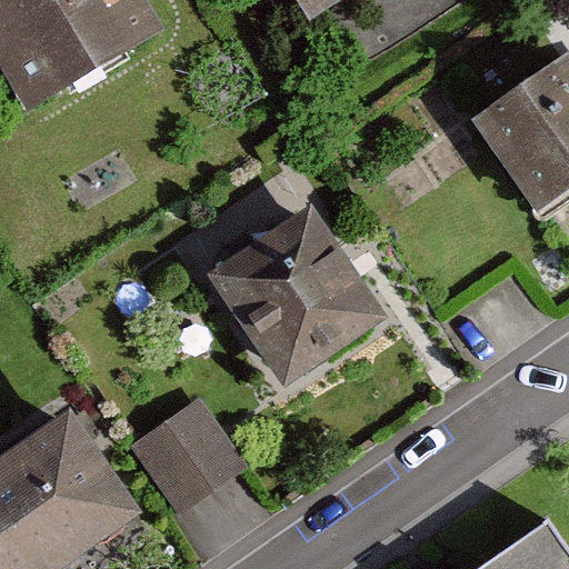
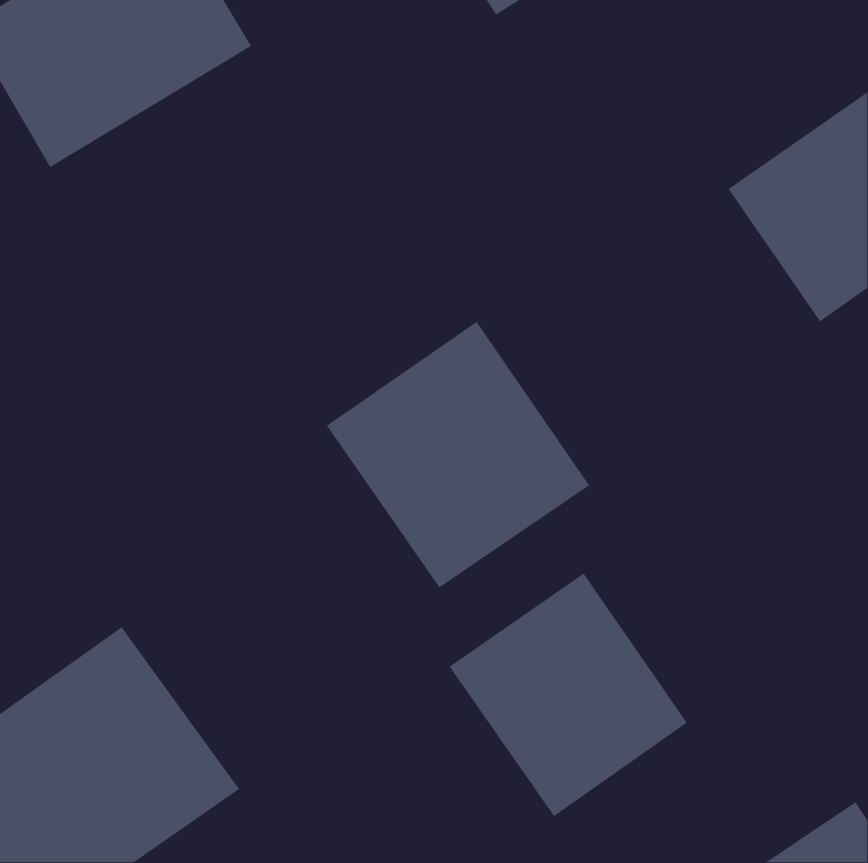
building: none -> [449,573,688,817]
building: [126,403,234,512] -> none

